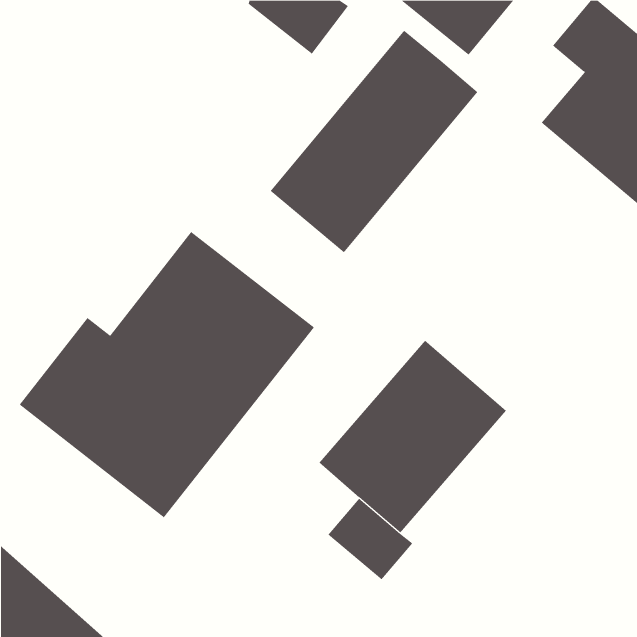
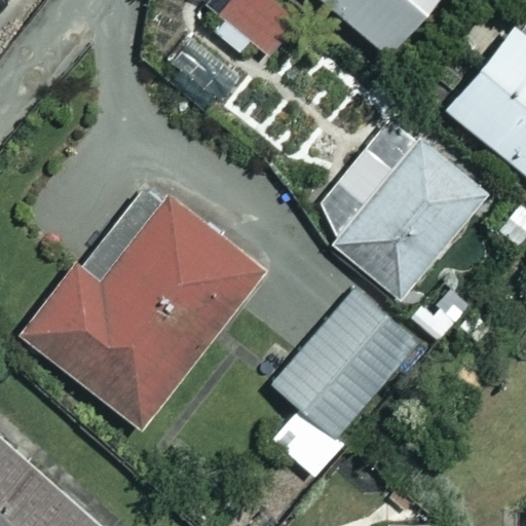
building: [270,30,478,253] -> none
building: none -> [335,115,493,299]

